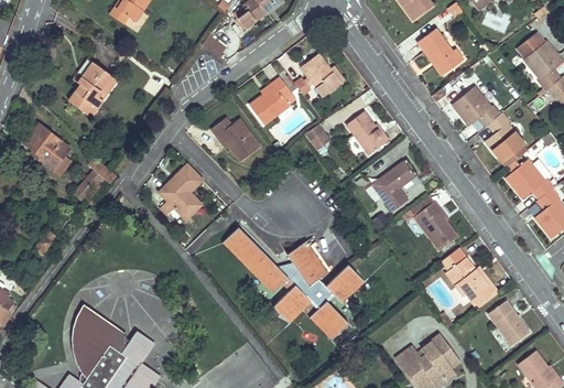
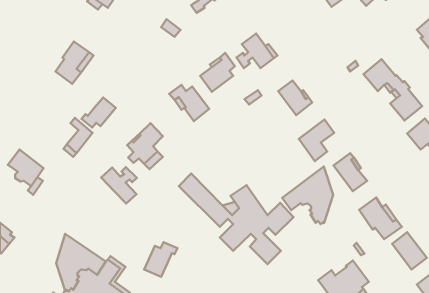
building: [416,28,464,72] -> none
building: [24,125,68,170] -> [8,150,43,186]
building: none -> [81,97,116,128]
building: none -> [282,167,333,224]
building: none -> [101,167,137,204]
building: none -> [144,242,178,277]

